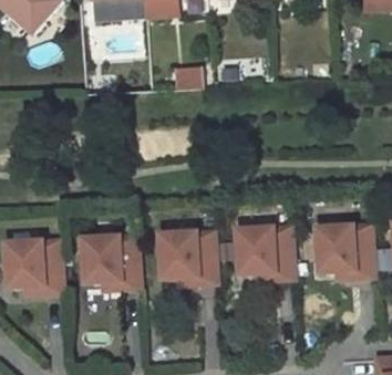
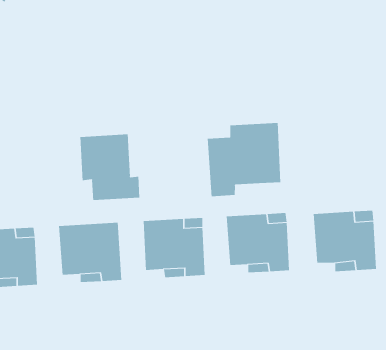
building: none -> [207,122,281,197]
building: none -> [80,133,140,201]

